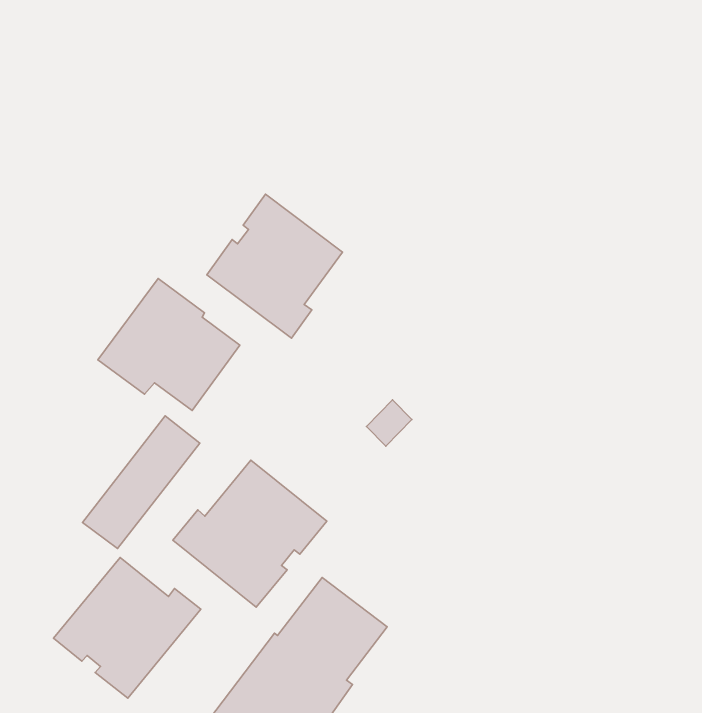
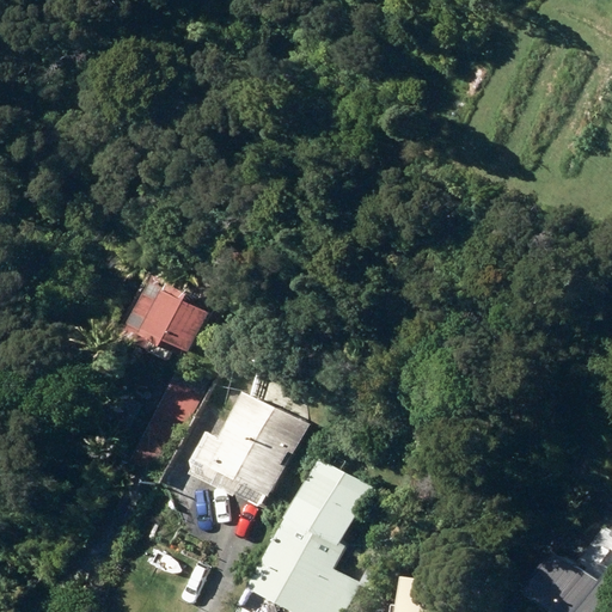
building: [207,194,343,338] -> none
building: [53,557,201,698] -> none

